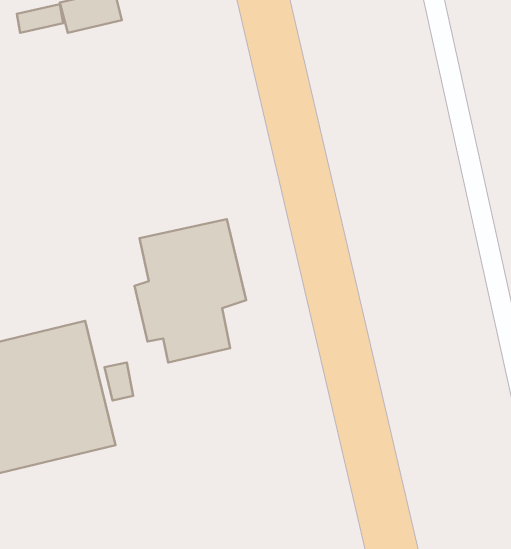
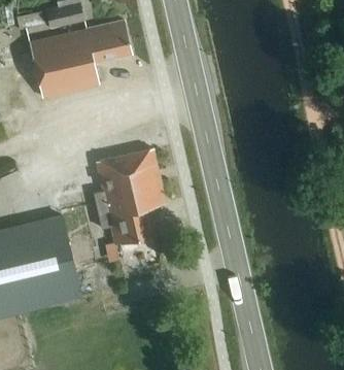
building: none -> [29,20,131,97]

